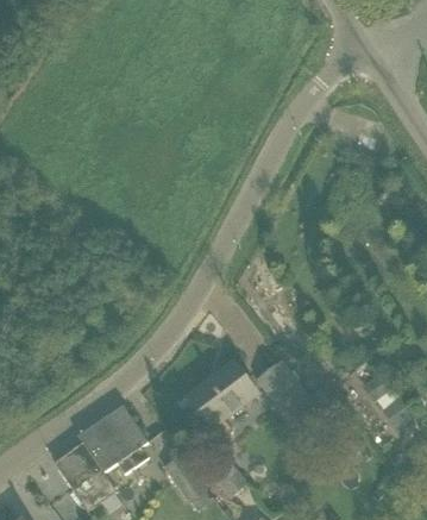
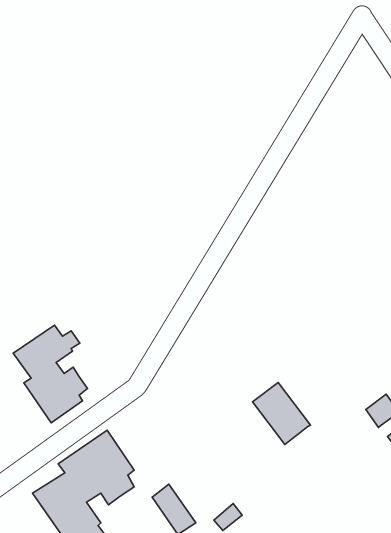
building: none -> [13,325,87,423]
building: [184,359,256,440] -> none

